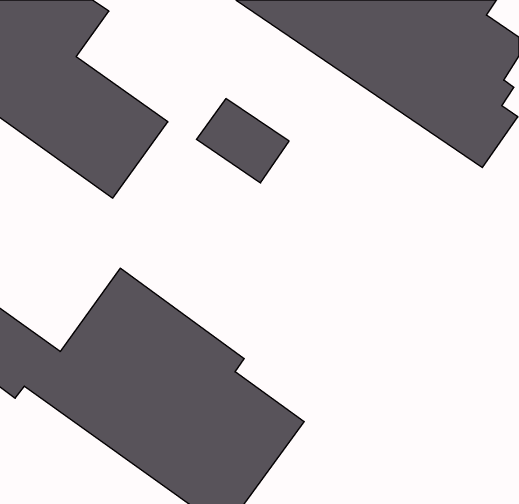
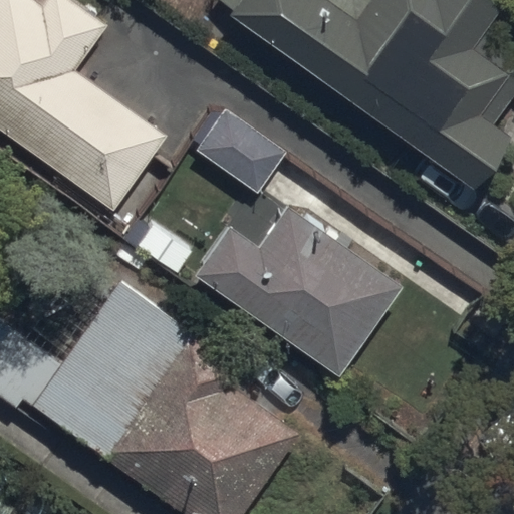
building: none -> [194,206,399,372]

